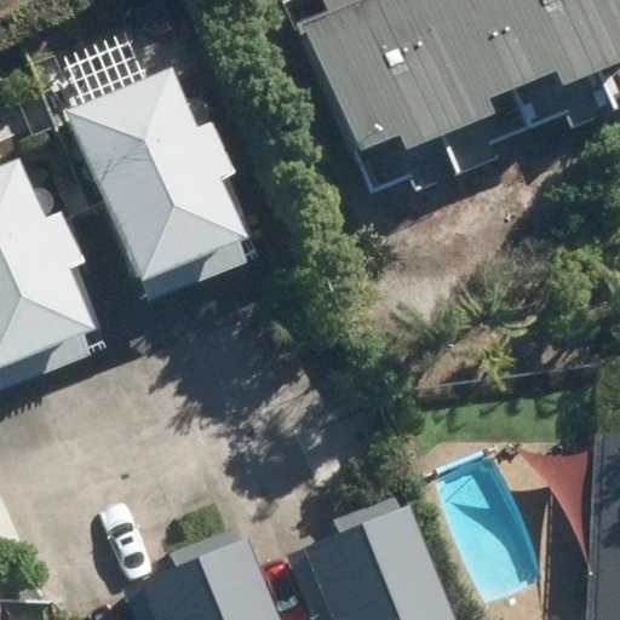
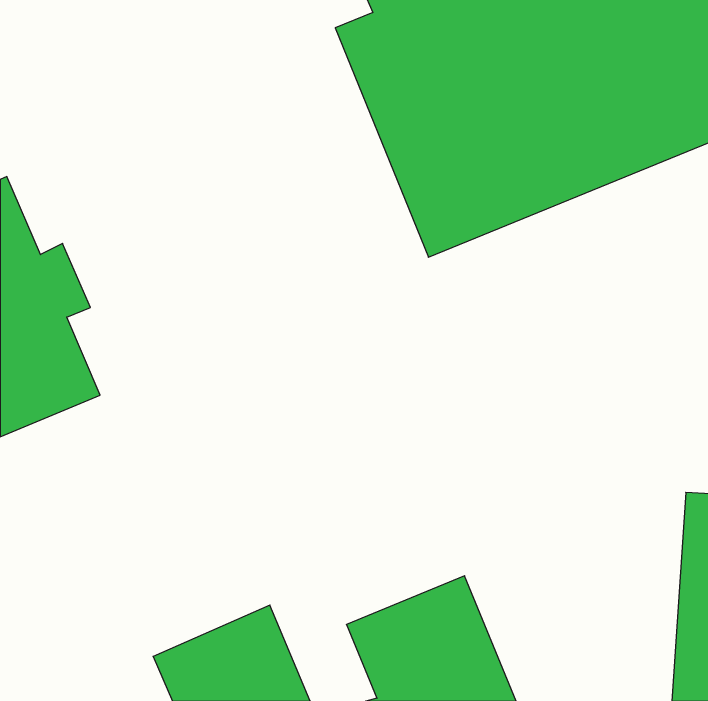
building: [64,67,243,283] -> none

